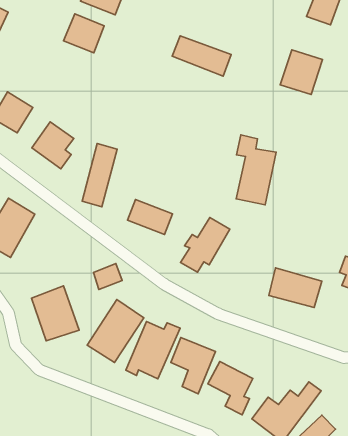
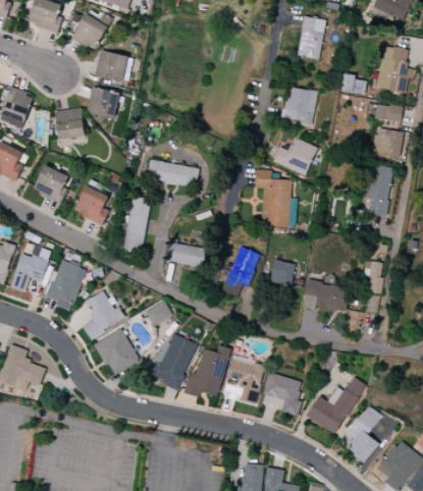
building: none -> [56,108,85,140]
building: [172,36,231,76] -> [146,159,198,188]
building: none -> [273,139,317,175]
building: none -> [269,260,295,286]
building: none -> [83,290,125,338]

